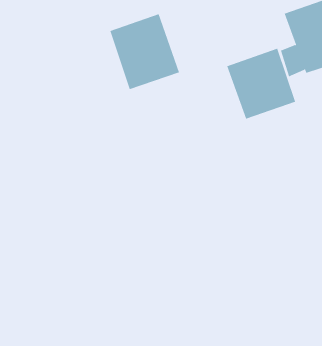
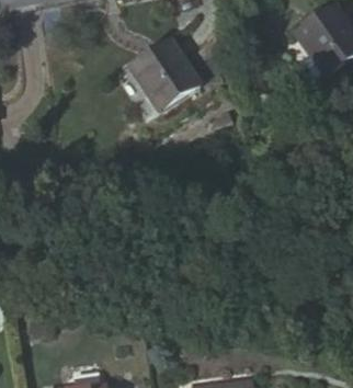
building: [227,48,296,120] -> none

